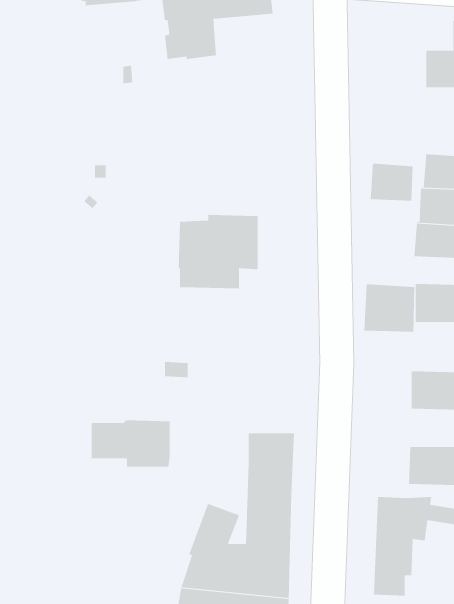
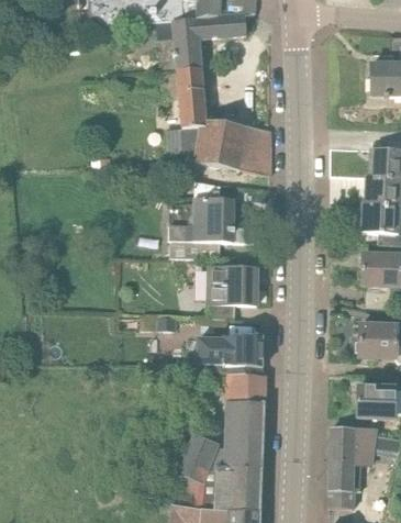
building: none -> [165,68,271,175]
building: [370,163,413,202] -> none
building: [364,284,415,333] -> none
building: none -> [205,268,257,305]
building: [91,420,170,467] -> [198,337,263,376]

